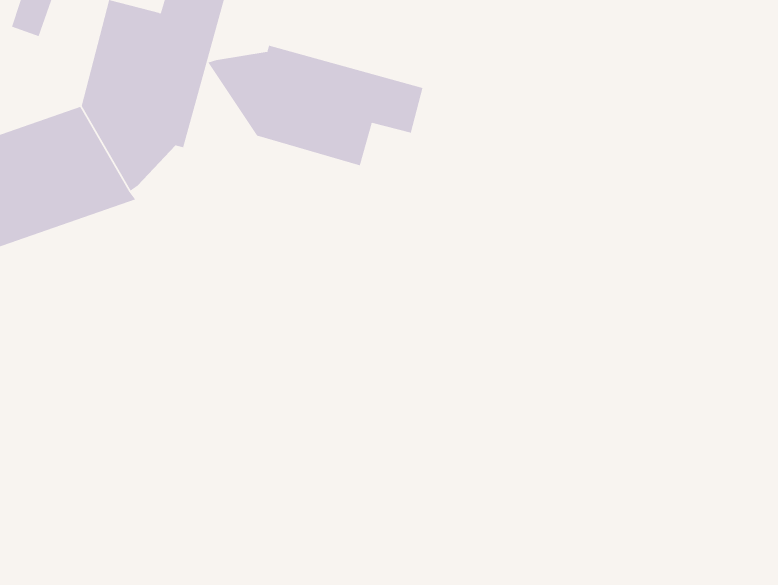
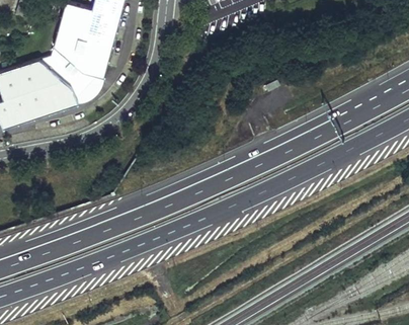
building: [207,45,423,166] -> none

